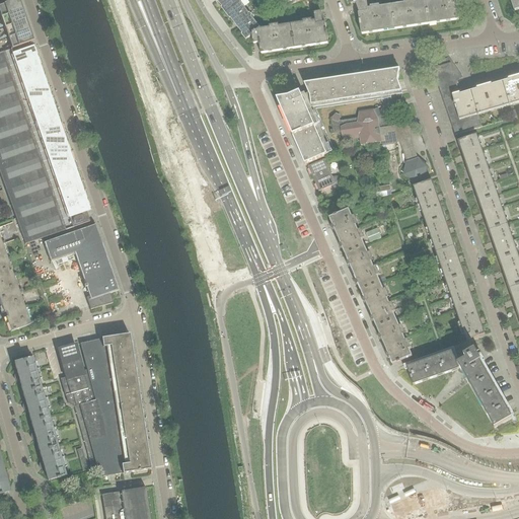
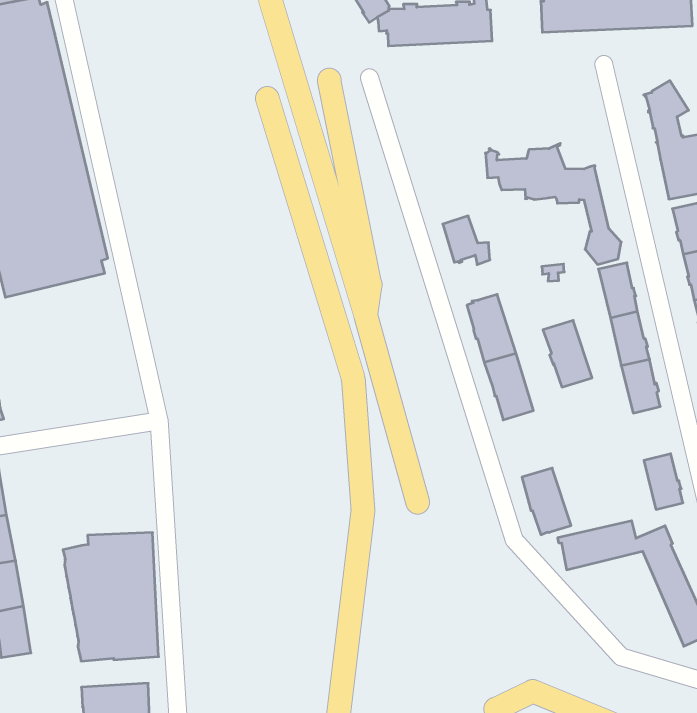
building: [304,67,401,103] -> none
building: [277,90,327,162] -> none
building: [44,223,118,307] -> none
building: [446,270,473,306] -> none
building: [361,281,396,325] -> [543,320,592,387]
building: [80,331,138,392] -> none
building: [58,343,92,404] -> none

